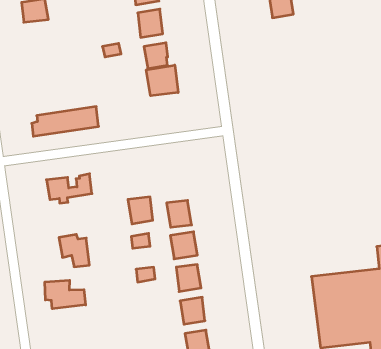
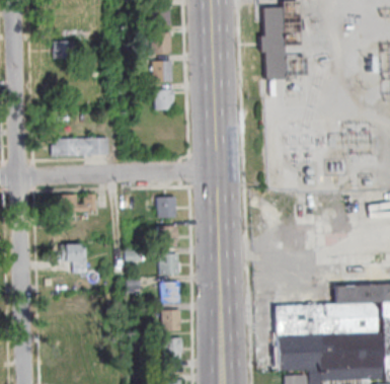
building: [146,65,178,96] -> none
building: [128,197,153,224] -> [156,198,175,219]
building: [45,280,86,309] -> none

